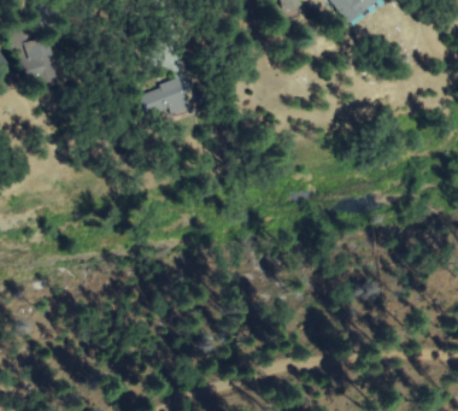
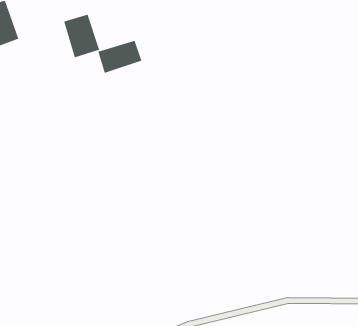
building: none -> [64,14,100,58]

